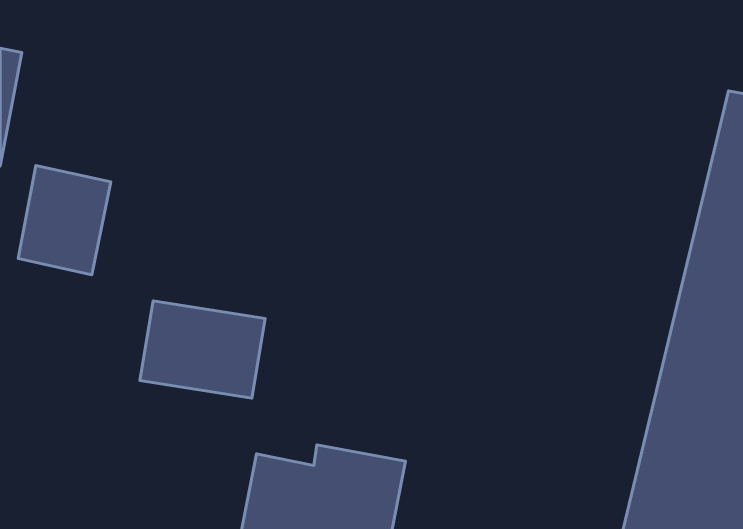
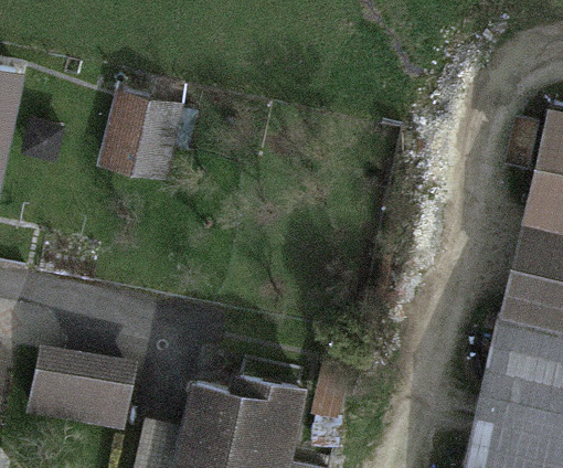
building: [18,166,111,275] -> [111,102,181,183]
building: [140,301,265,398] -> [34,354,128,427]

